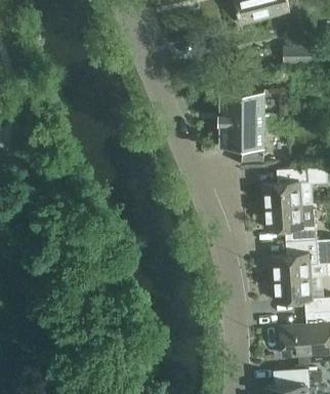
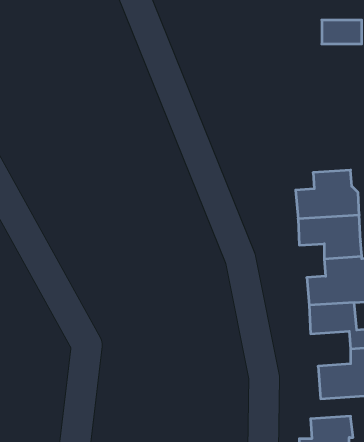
building: [218,91,274,164] -> none

